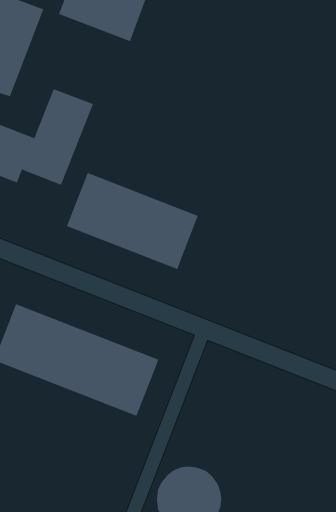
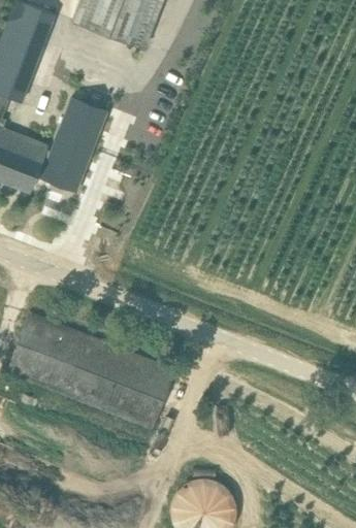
building: [66,172,199,270] -> none

